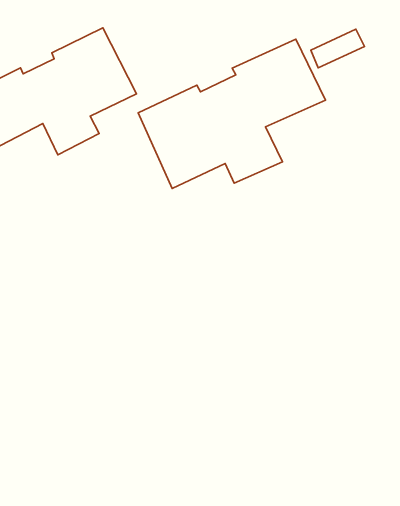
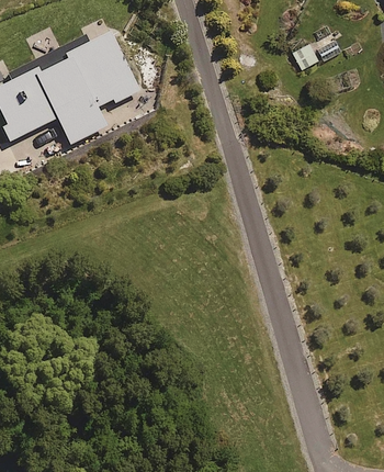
building: [138,39,325,188] -> none

